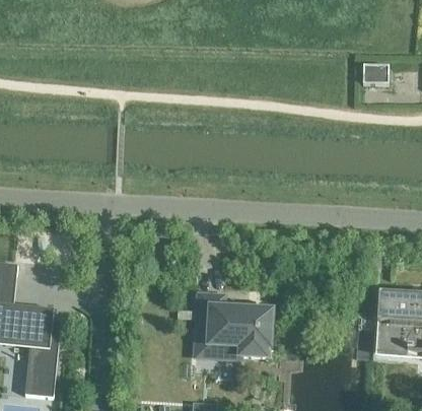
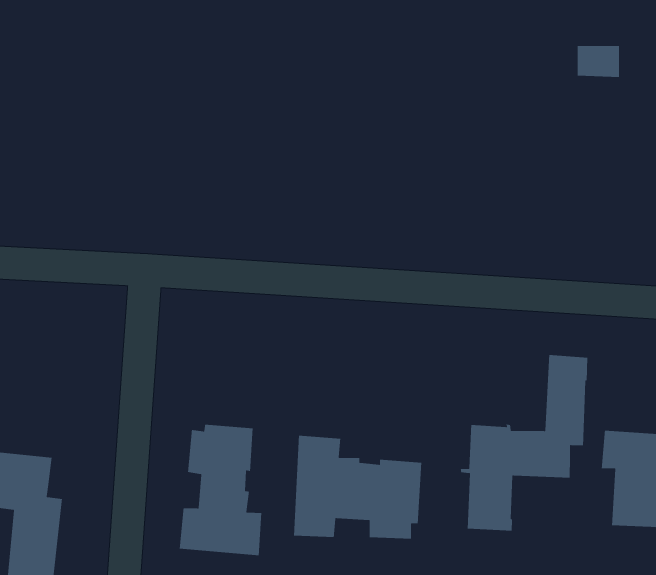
building: none -> [460,354,588,532]
building: none -> [179,424,262,556]

